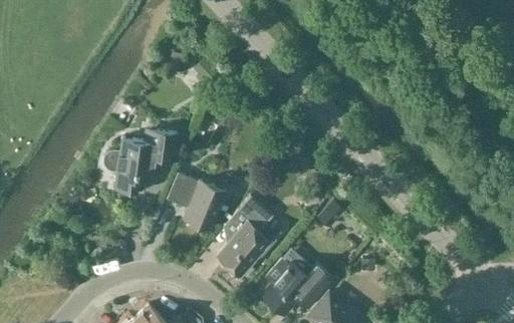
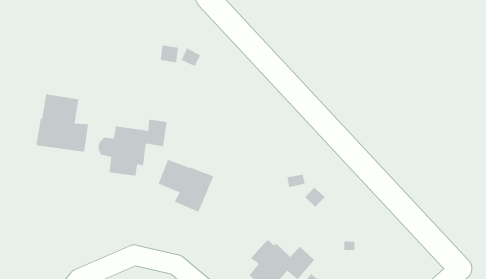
building: none -> [36,94,88,152]
building: [217,197,272,277] -> none

